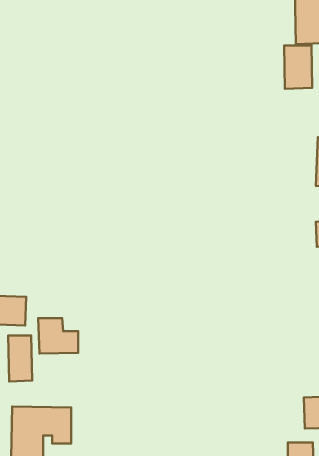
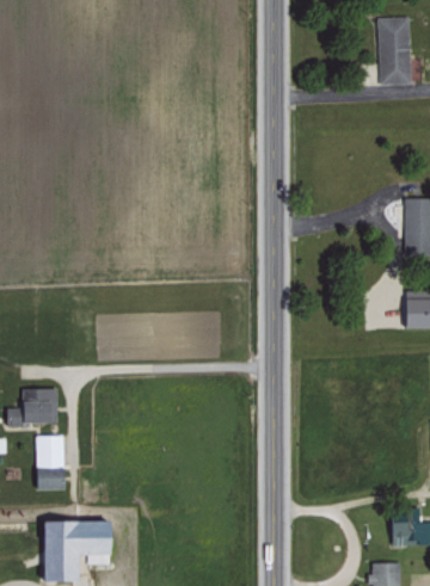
building: [284,45,312,89] -> none
building: [38,318,78,354] -> none

